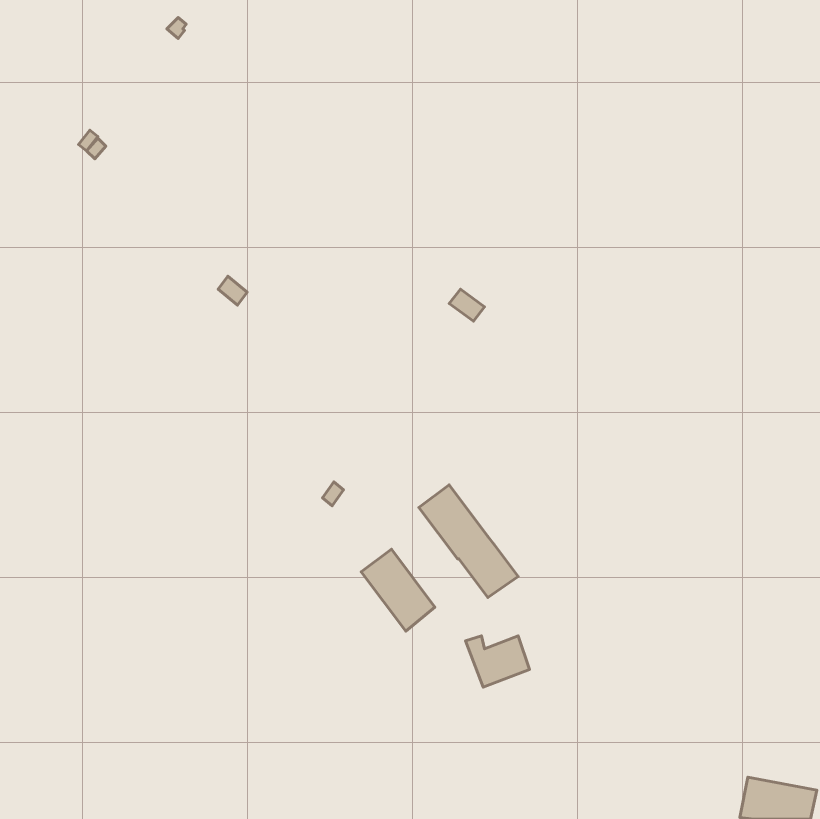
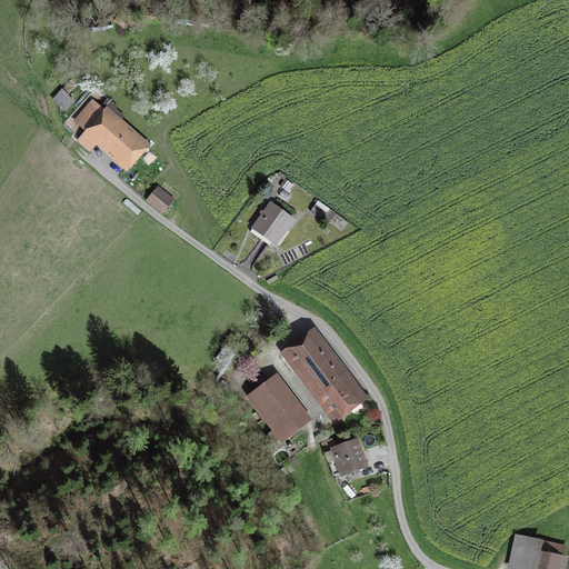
building: none -> [76,102,142,162]
building: none -> [252,202,295,243]

